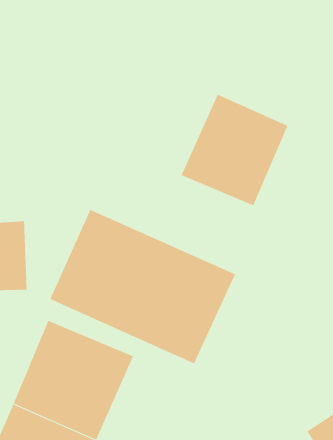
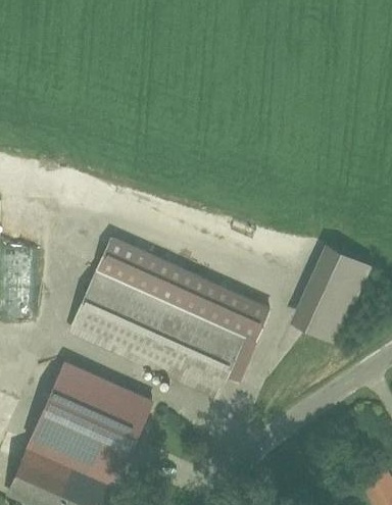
building: [181,94,288,206] -> none
building: none -> [291,240,376,342]

